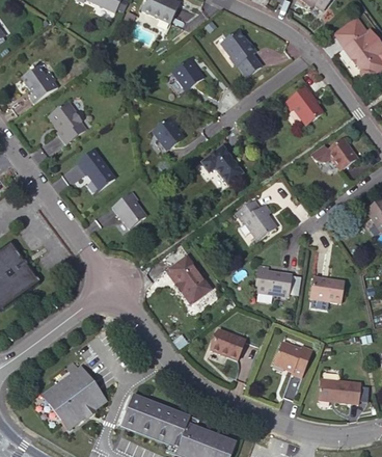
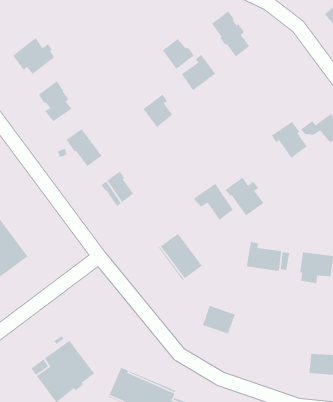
building: none -> [181,54,216,91]
building: [284,83,322,122] -> [271,121,308,159]
building: [200,147,242,186] -> [193,183,234,221]
building: [275,342,313,376] -> none

